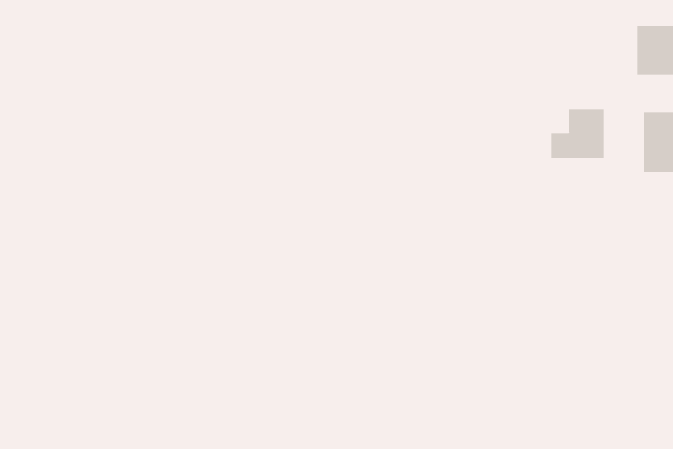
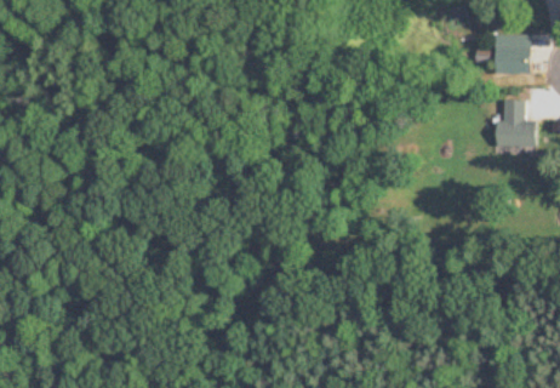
building: [551,108,604,159] -> none

